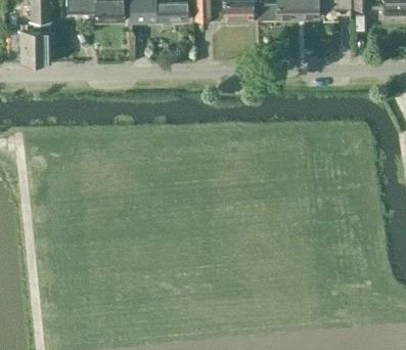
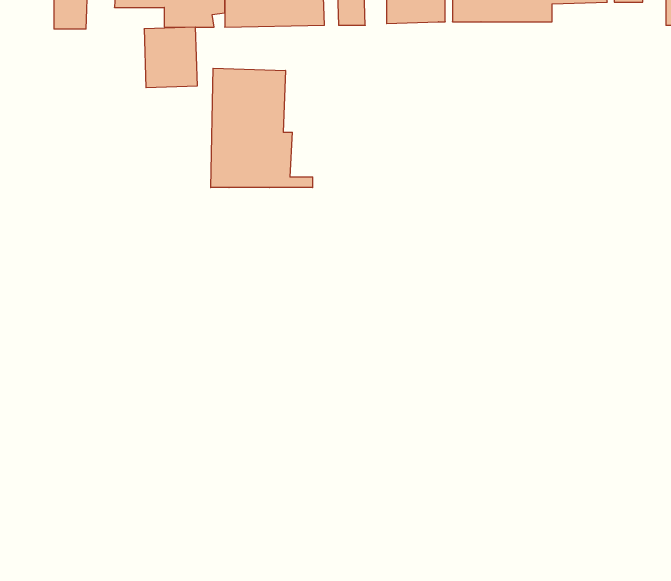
building: [20,30,51,64] -> [144,27,197,88]
building: none -> [211,68,313,188]

